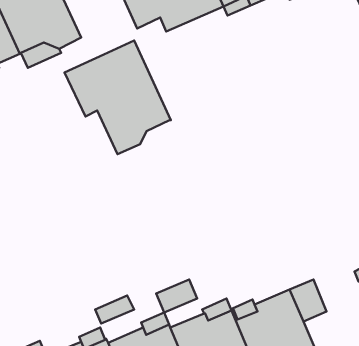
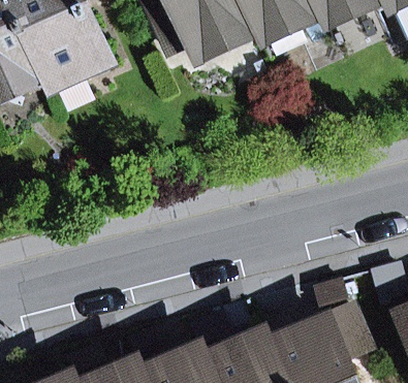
building: [64,40,171,154] -> none

